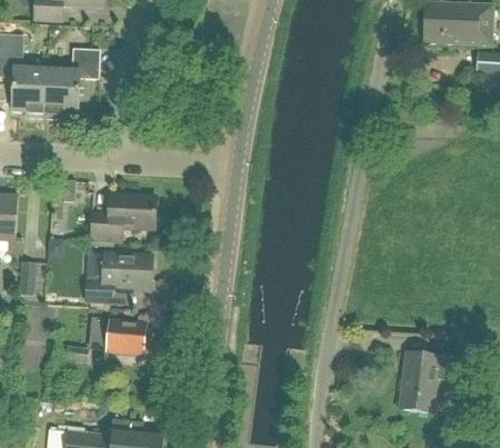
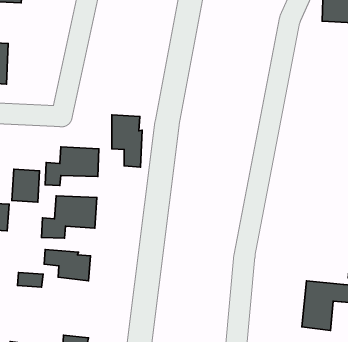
building: [43,48,99,117] -> none
building: none -> [112,115,142,167]

